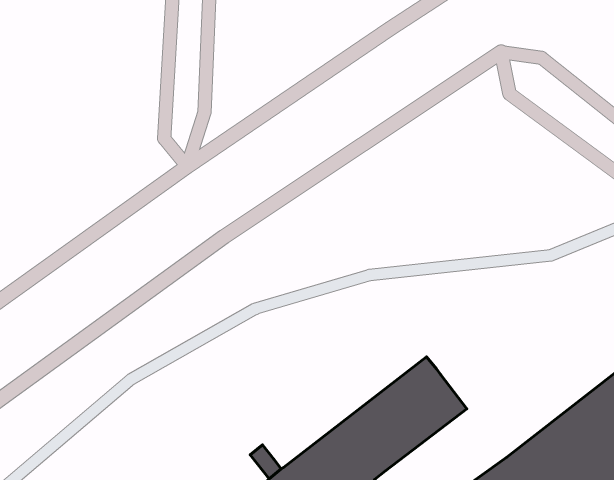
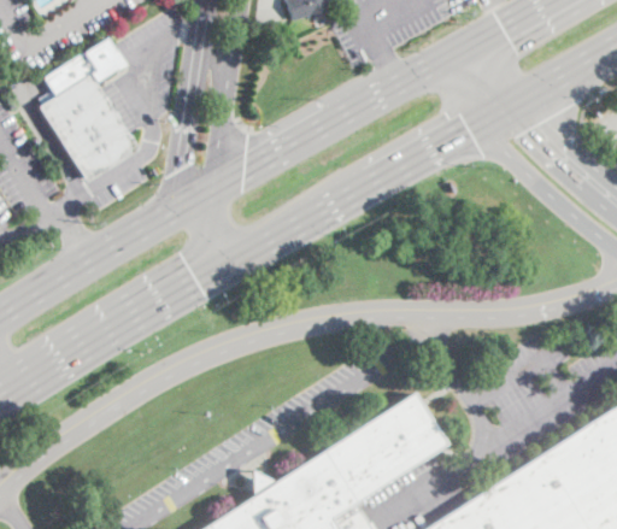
building: none -> [41,39,139,183]

